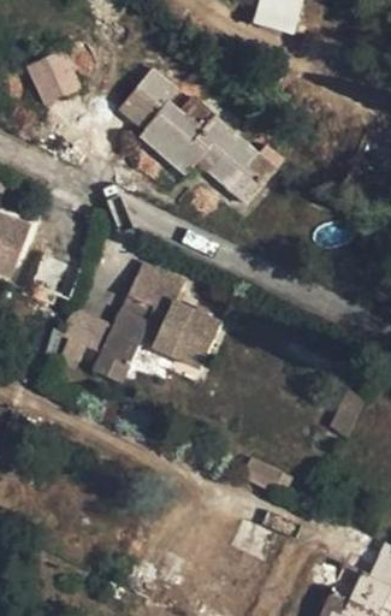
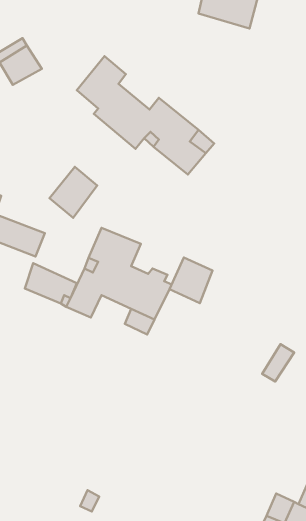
building: none -> [49,167,97,218]
building: none -> [170,257,213,303]

